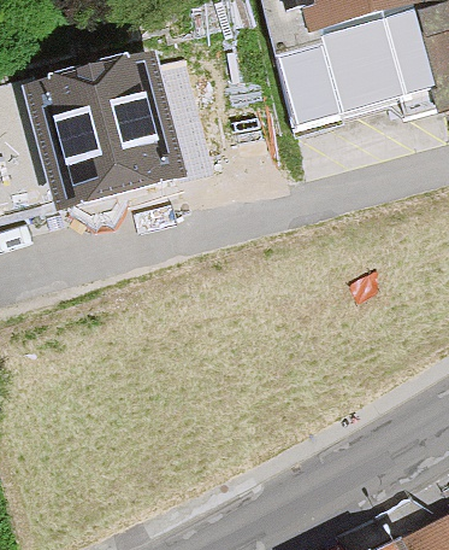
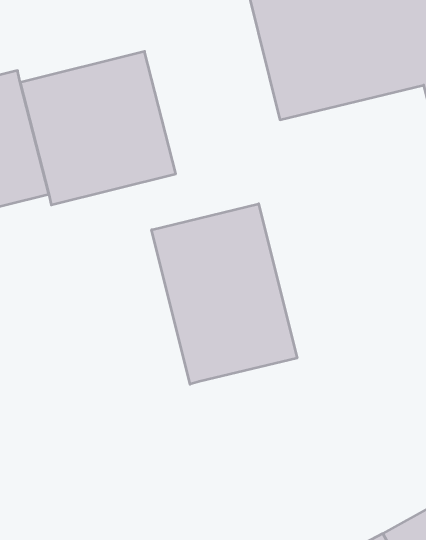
building: none -> [152,204,297,384]

